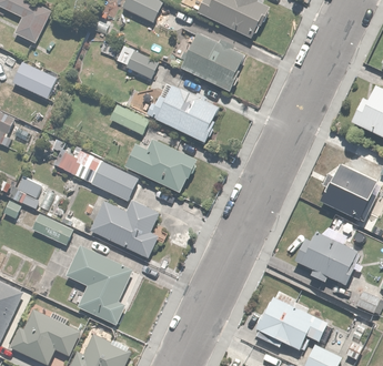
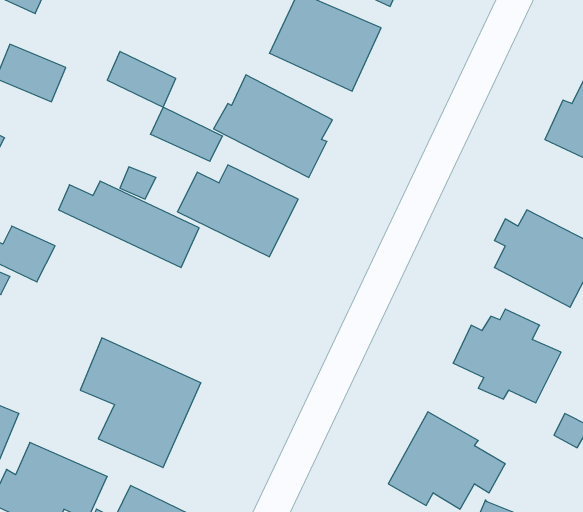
building: [113,45,155,80] -> [107,51,176,107]
building: [89,199,161,260] -> none
building: [31,213,72,244] -> none

